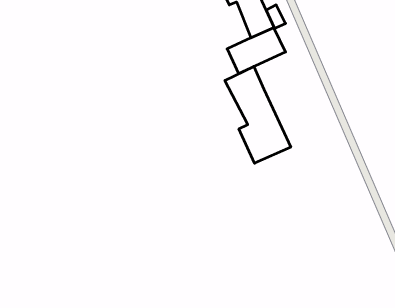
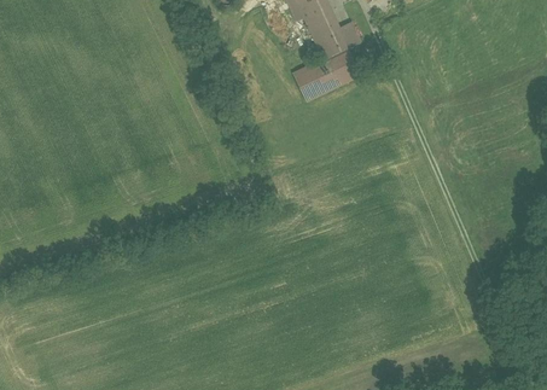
building: [225,66,291,163] -> none

